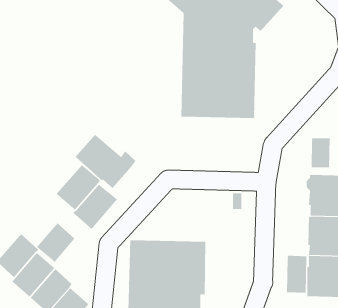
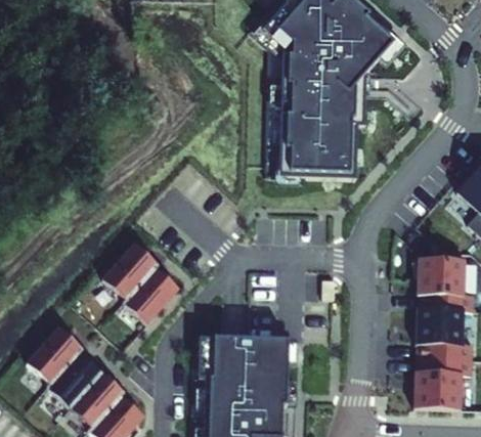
building: [75,134,136,189] -> none
building: [311,137,330,168] -> none
building: [36,222,75,263] -> none
building: [286,255,307,293] -> none

